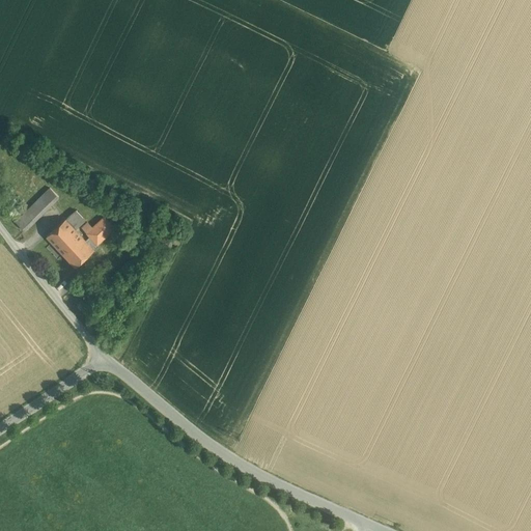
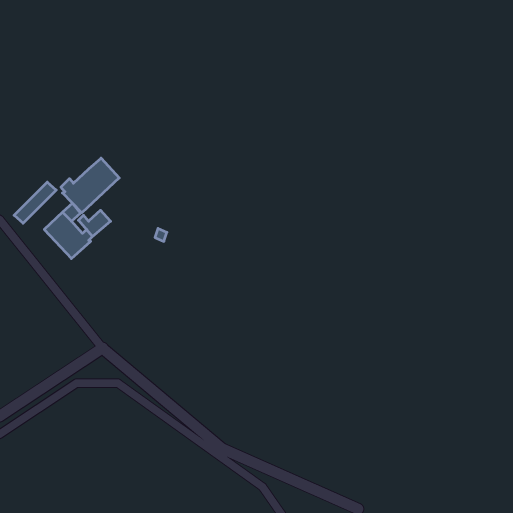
building: none -> [61,158,119,213]

